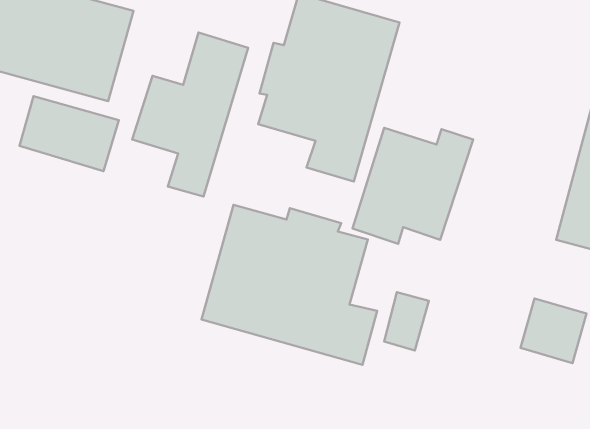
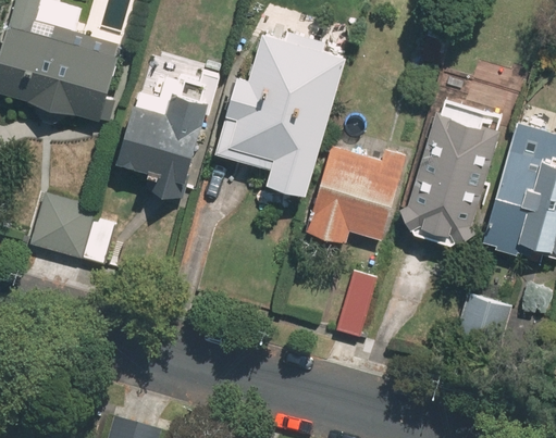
building: none -> [399,98,505,245]
building: [20,96,119,171] -> [26,201,111,265]
building: [201,205,377,365] -> none

